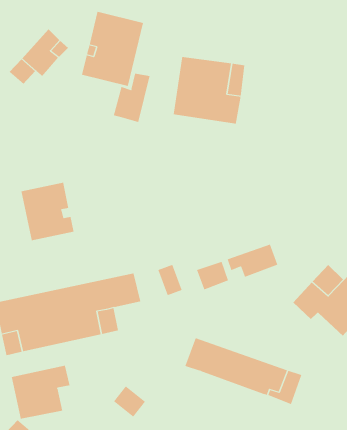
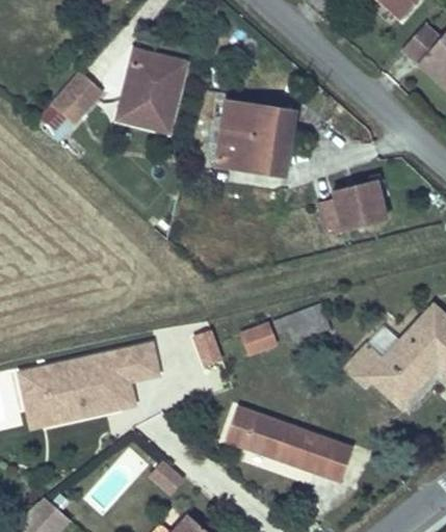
building: [113,73,150,123] -> none
building: none -> [317,179,390,236]
building: [21,182,74,241] -> none
building: [11,365,70,420] -> none

